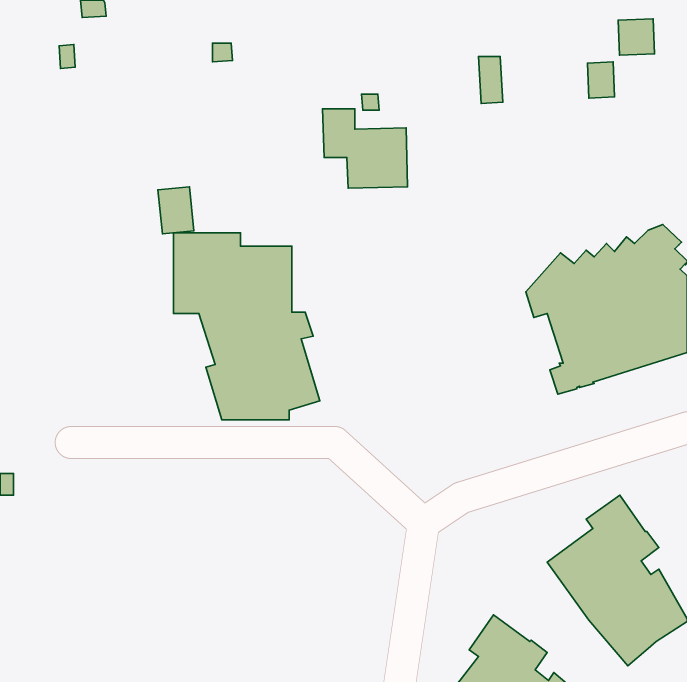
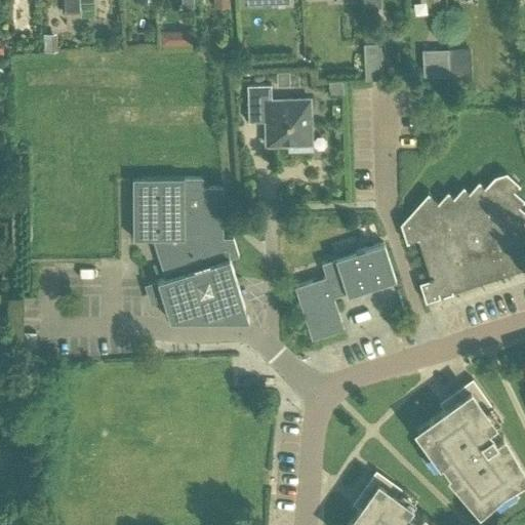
building: [618,19,655,55] -> [421,52,449,80]
building: [158,187,194,234] -> none
building: none -> [295,246,395,341]

